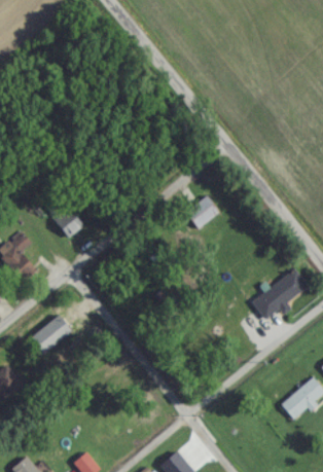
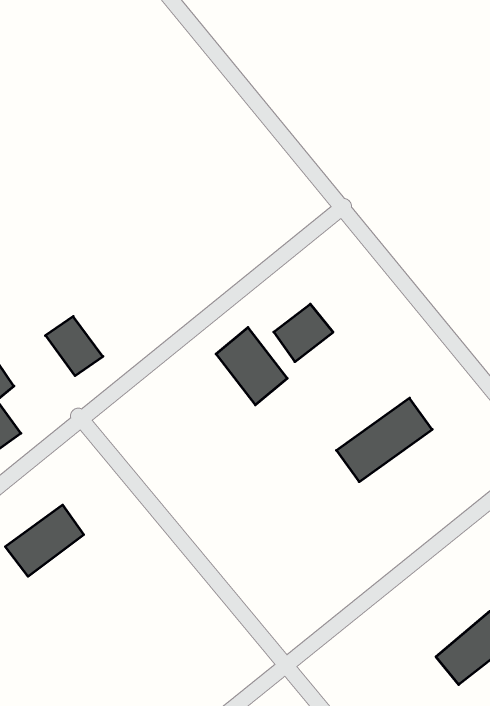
building: none -> [216,327,287,405]
building: [252,269,309,319] -> [336,398,432,482]

